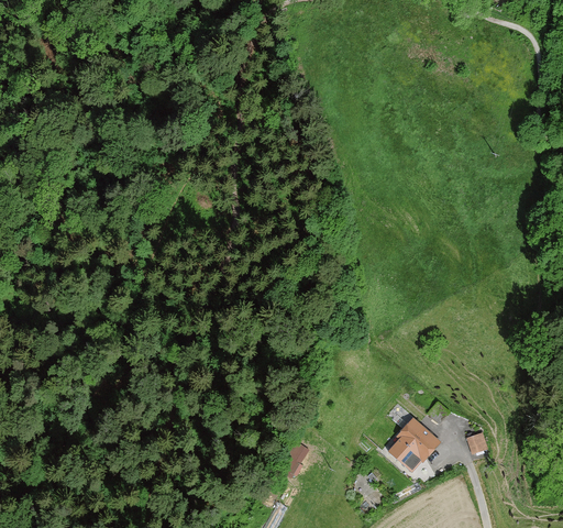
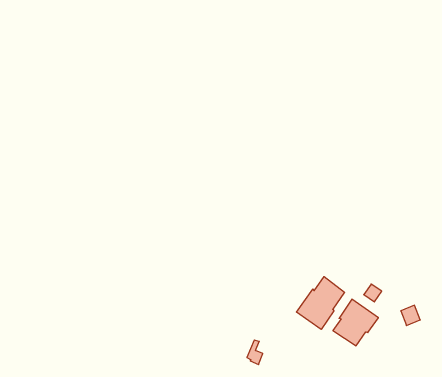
building: none -> [296,277,345,329]

